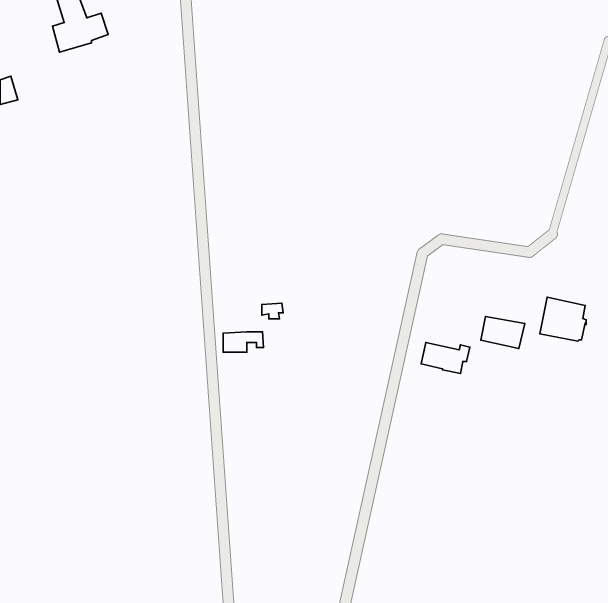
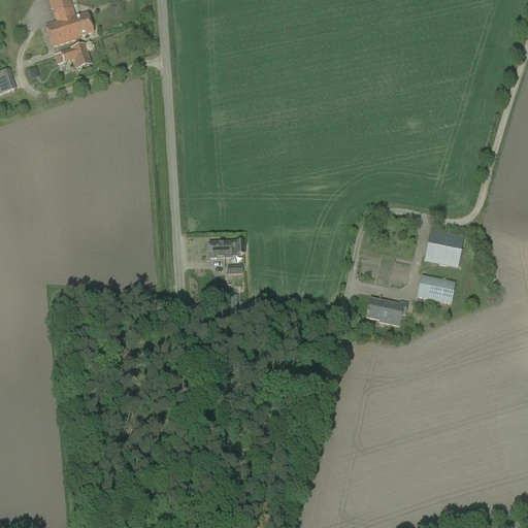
building: none -> [61,42,91,67]
building: [540,297,586,341] -> [424,228,464,266]
building: [223,332,264,352] -> [209,239,244,257]

